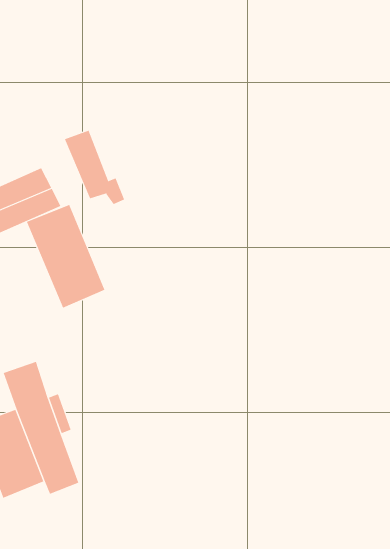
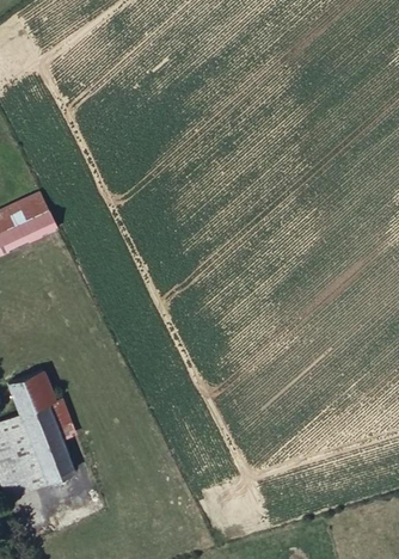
building: [64,130,125,205] -> none
building: [26,204,105,308] -> none

